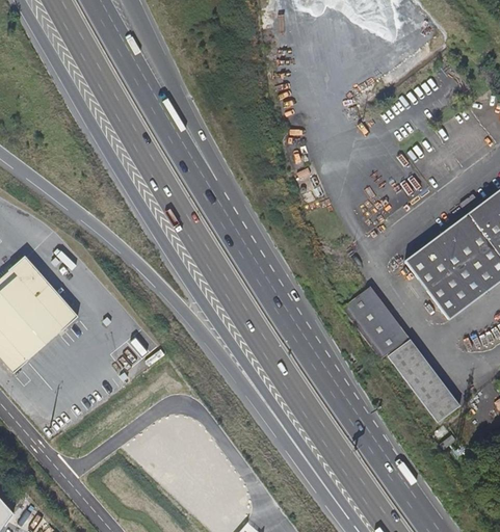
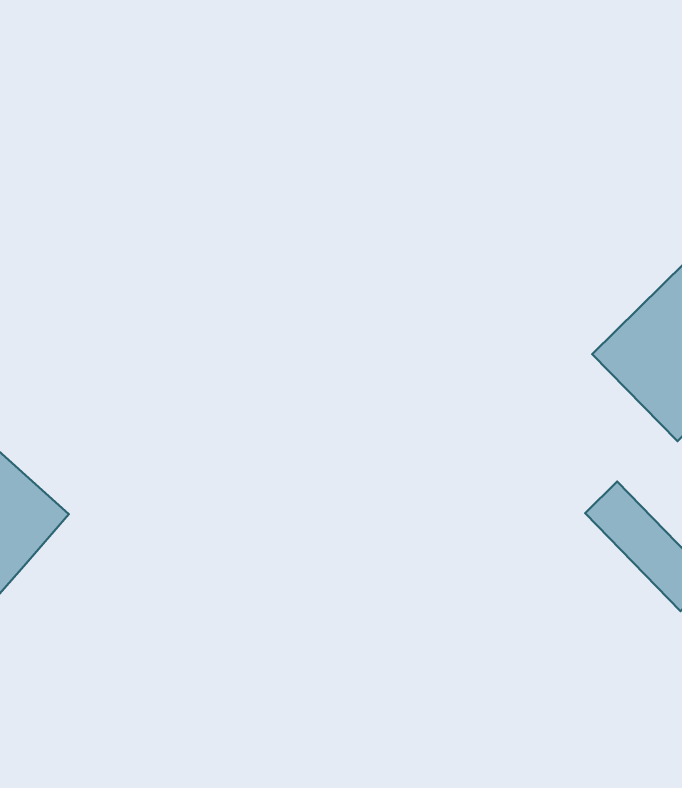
building: [342,286,409,358] -> none

